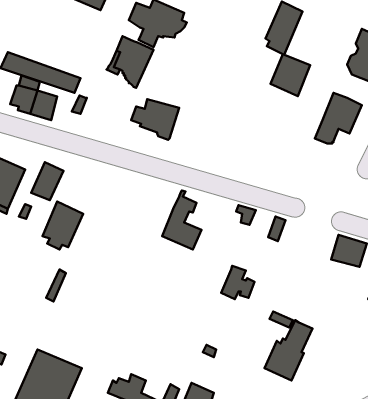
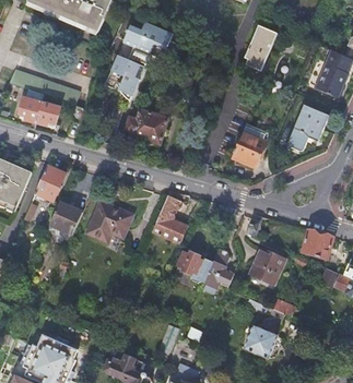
building: [271,54,310,96] -> [231,131,266,168]
building: none -> [85,199,133,242]
building: none -> [178,247,213,282]
building: none -> [248,247,284,284]

